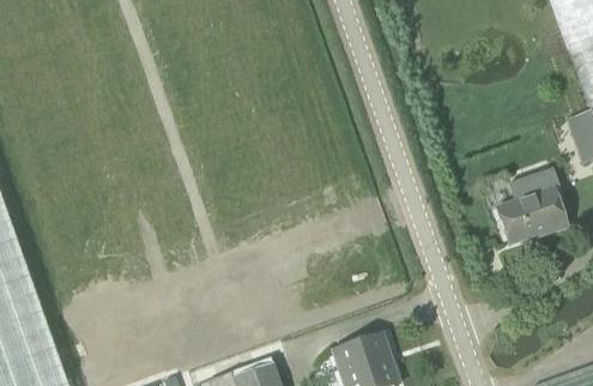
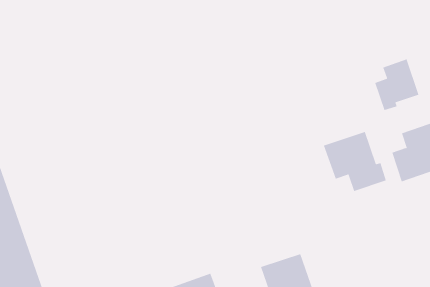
building: none -> [375,58,419,111]
building: none -> [323,131,386,192]

